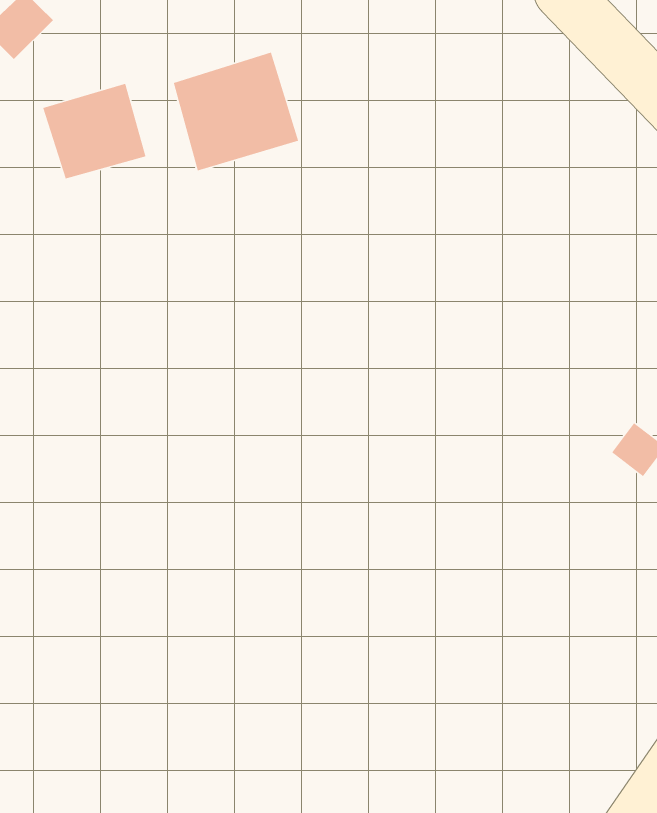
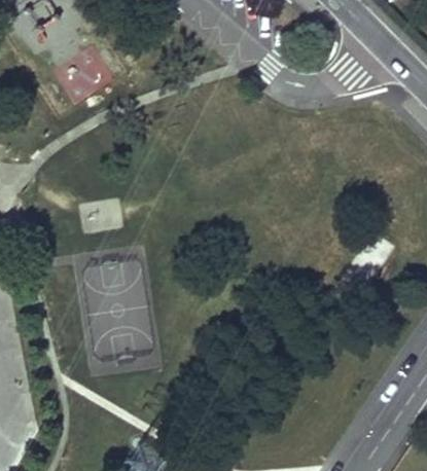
building: [173,52,299,171] -> none

